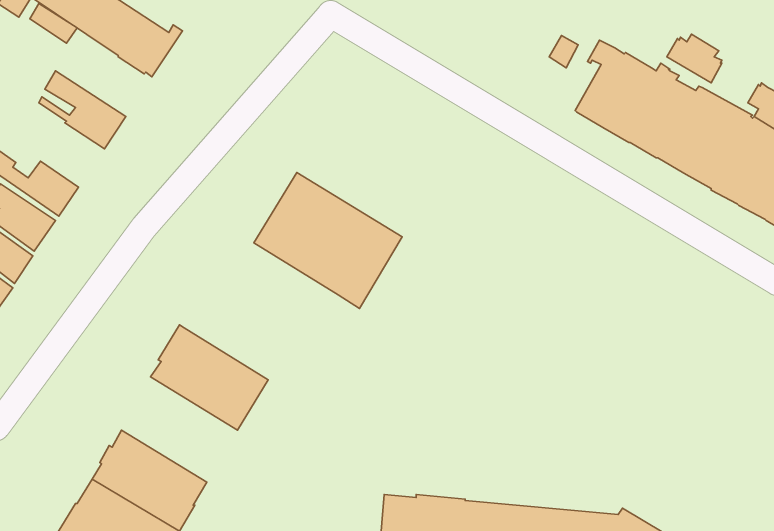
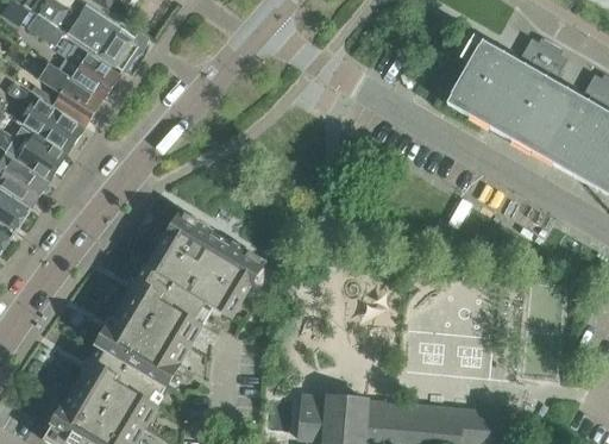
building: none -> [58,45,119,99]
building: none -> [8,85,82,154]
building: [254,173,402,309] -> [146,212,262,318]
building: none -> [94,305,188,387]

